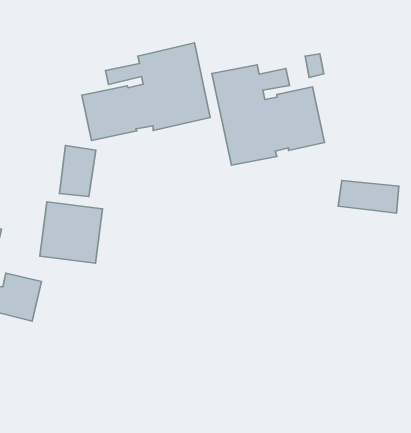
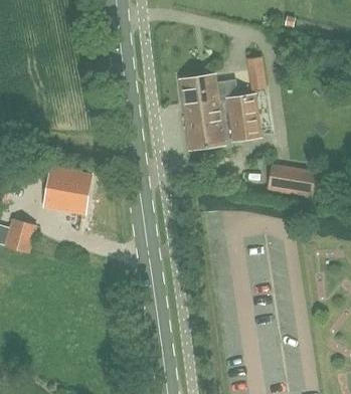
building: [82,43,210,140] -> none
building: [60,146,96,197] -> none

